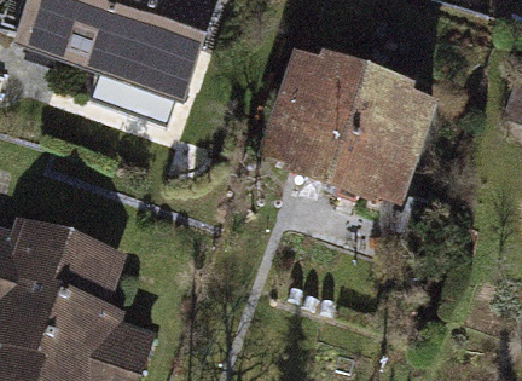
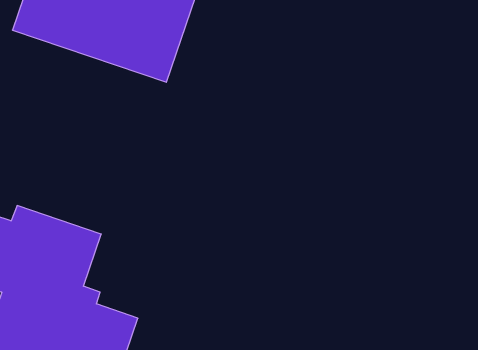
building: [268,56,427,195] -> none

